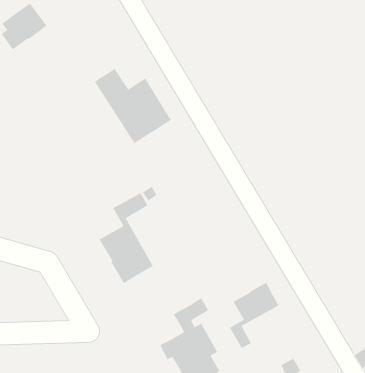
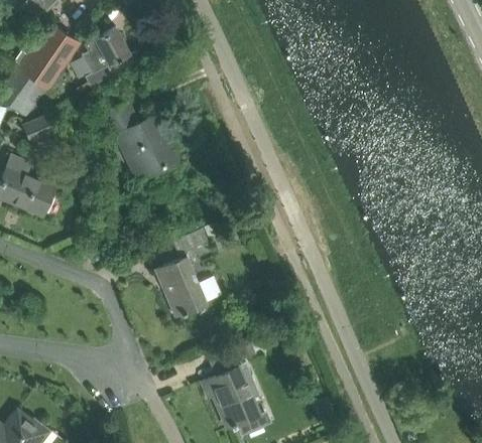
building: [94,68,172,144] -> [104,102,176,179]
building: [229,282,279,349] -> none

